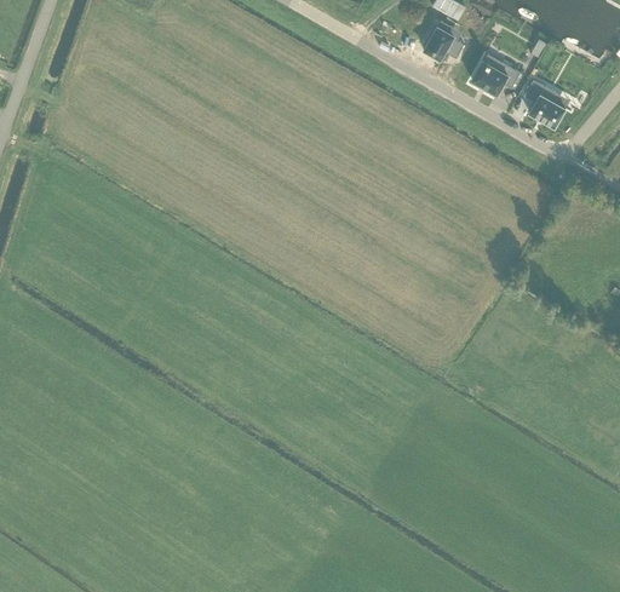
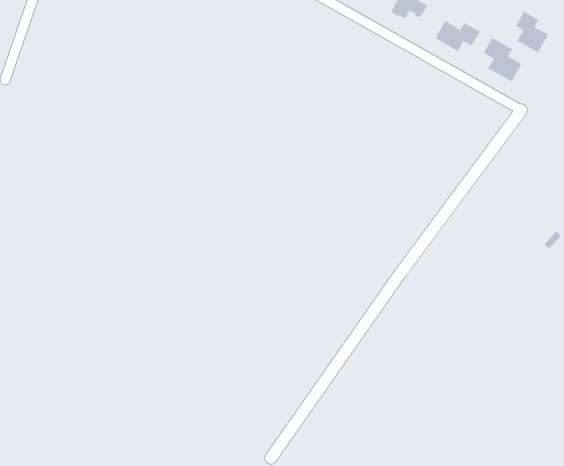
building: none -> [516,11,549,53]

